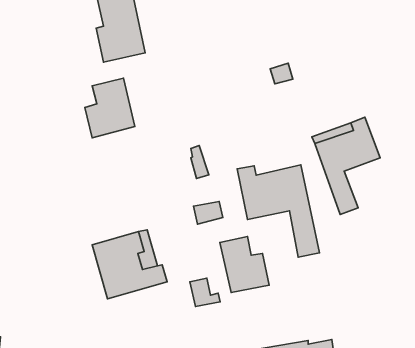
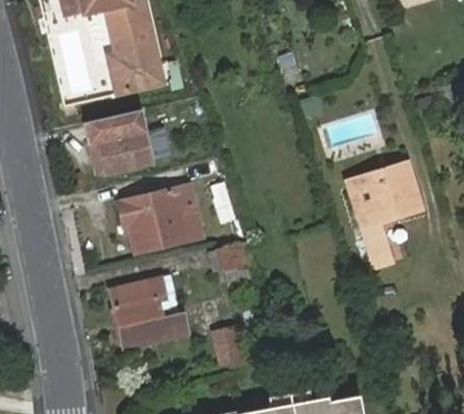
building: none -> [118,186,200,252]
building: [237,165,319,257] -> none
building: [220,236,269,293] -> none

